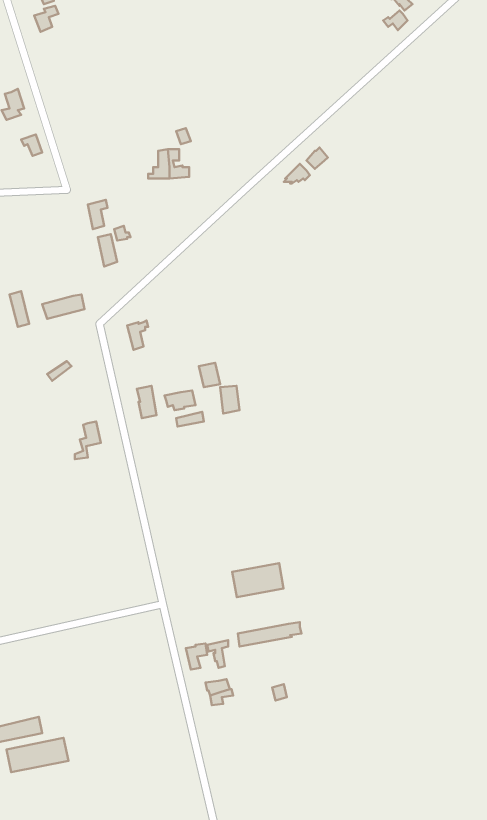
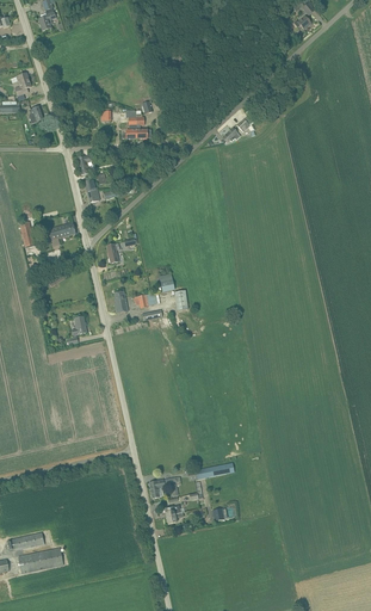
building: [232,563,284,597] -> none

